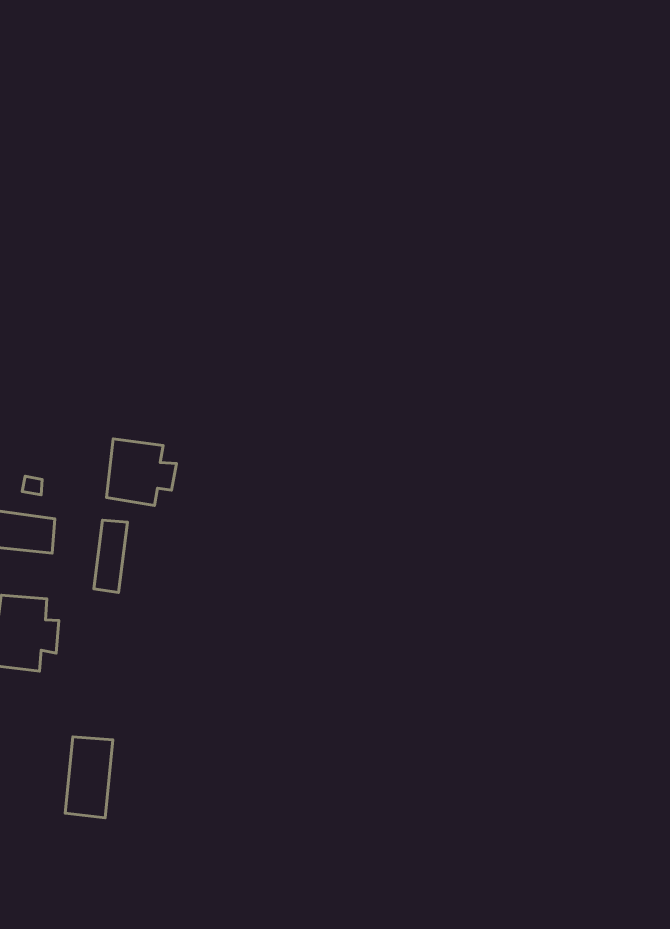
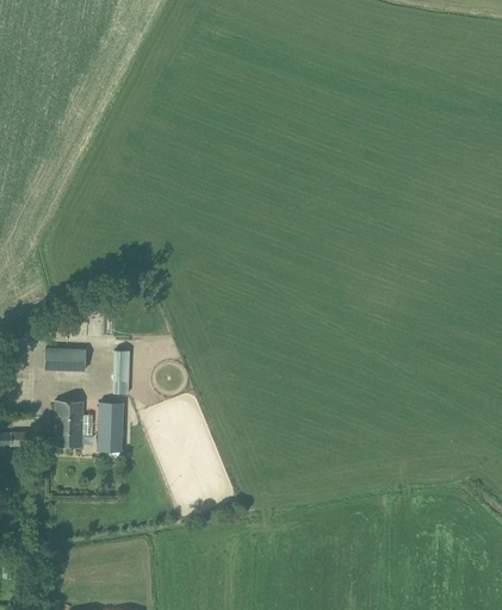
building: [107,439,176,505] -> none
building: [65,737,113,818] -> [98,402,124,450]

